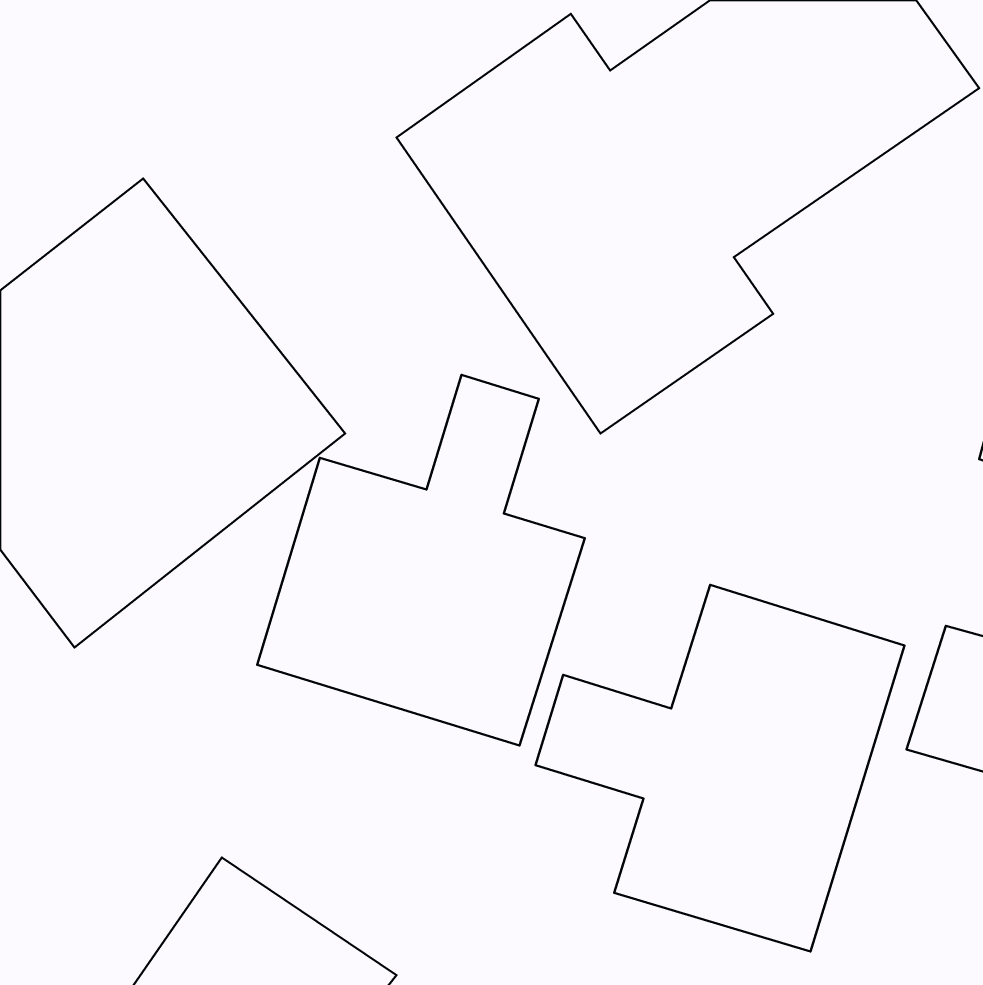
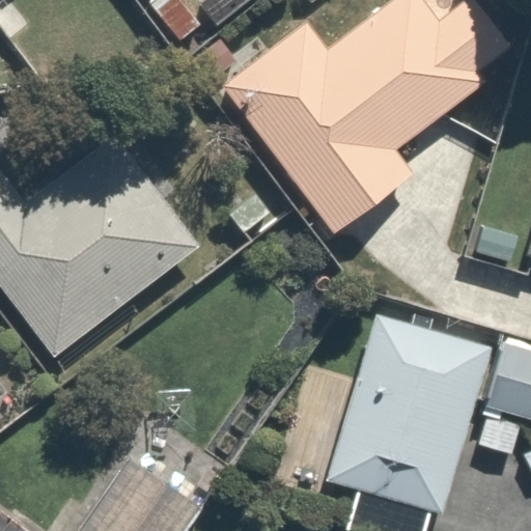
building: [257,375,585,746] -> none

